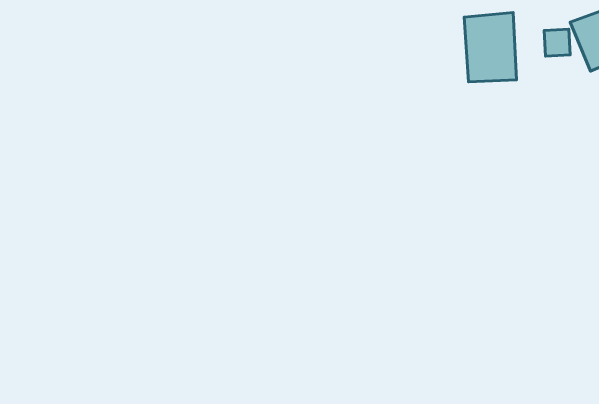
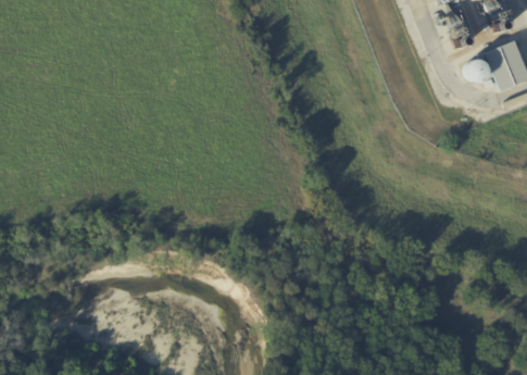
building: [464,13,517,82] -> none

